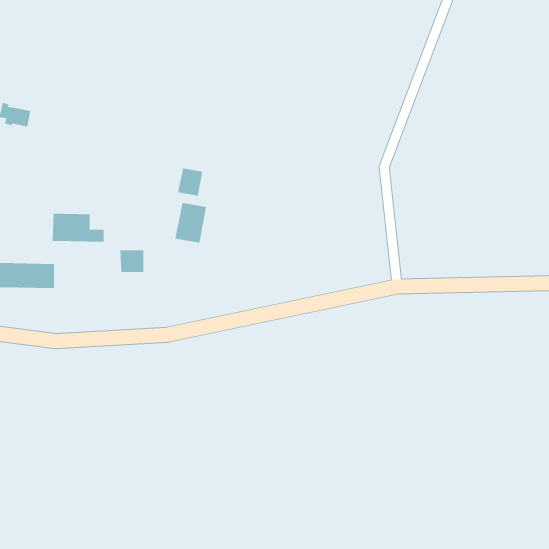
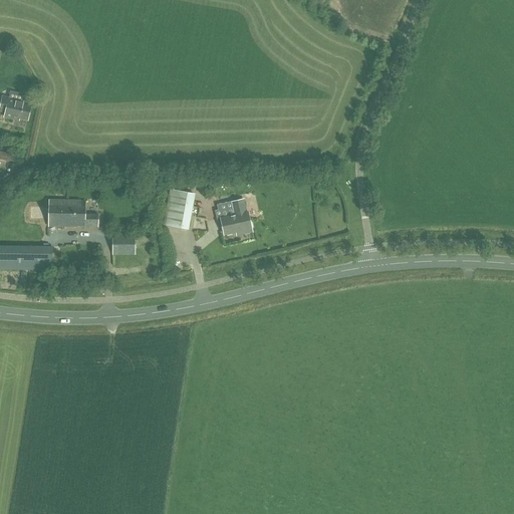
building: [177,168,203,196] -> none
building: none -> [220,199,251,233]

